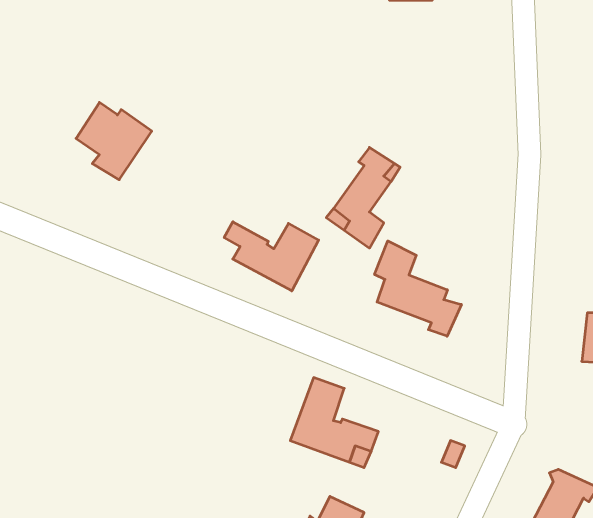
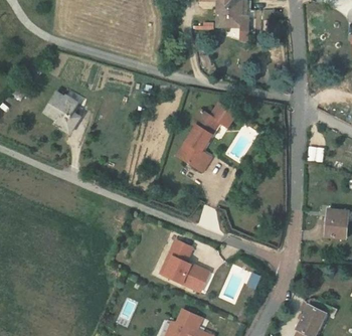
building: [224,222,319,291] -> none
building: [375,241,461,336] -> none

